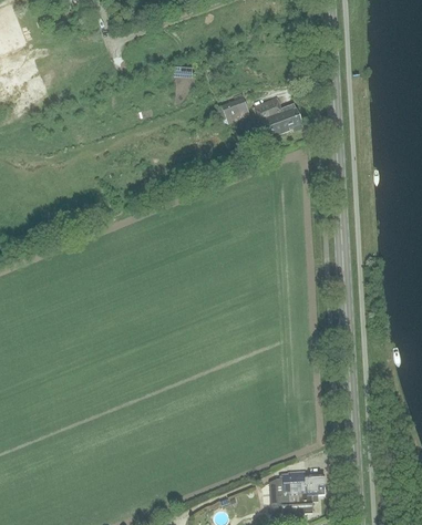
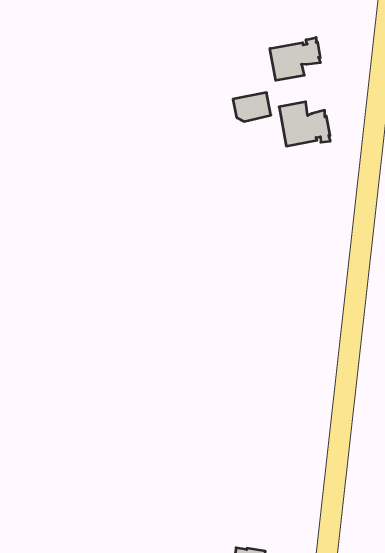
building: none -> [270,37,320,80]

